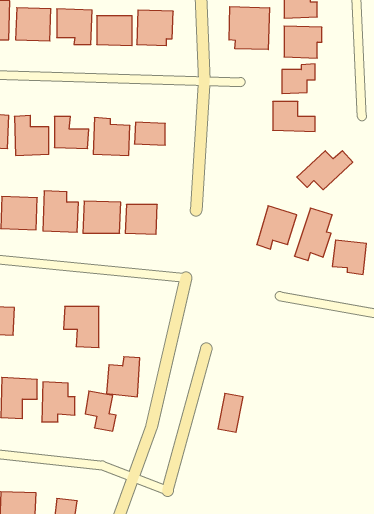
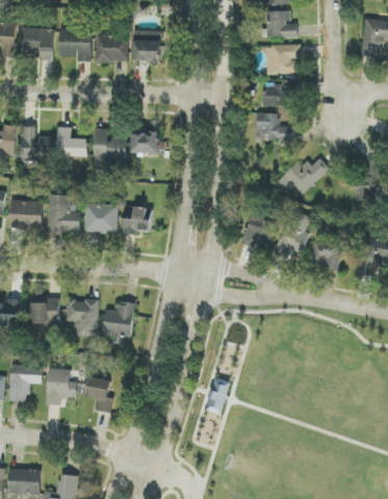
building: [229,7,270,50] -> none
building: none -> [30,298,59,323]
building: [107,357,140,397] -> [103,301,133,338]

